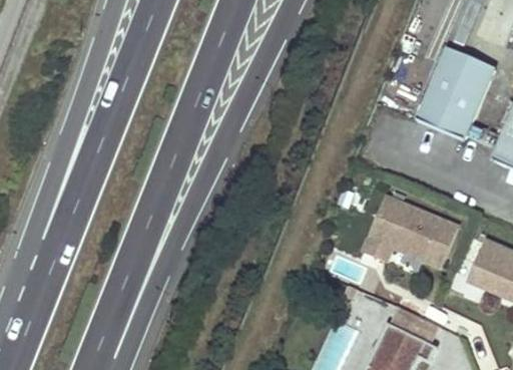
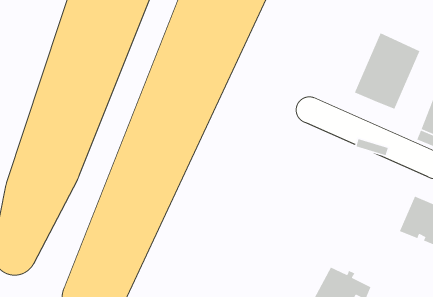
building: [361,192,461,269] -> none

